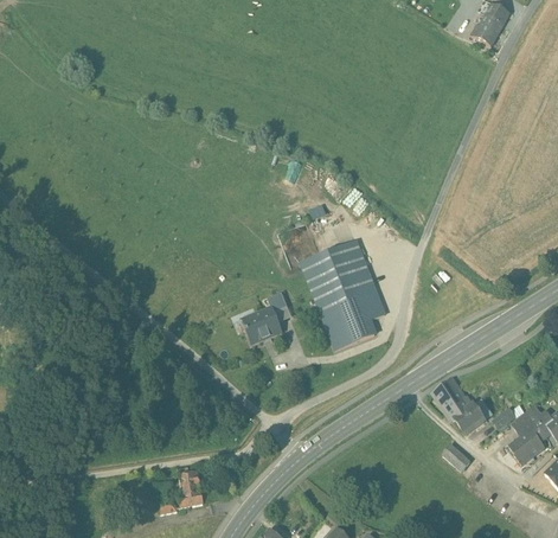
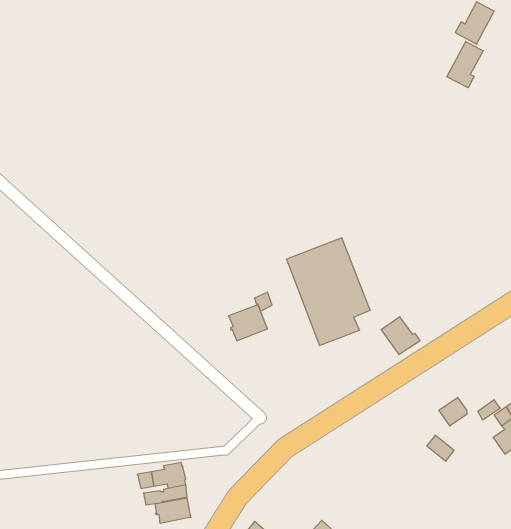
building: none -> [447,41,483,88]
building: [434,382,473,419] -> [381,317,420,355]
building: none -> [155,498,191,523]

